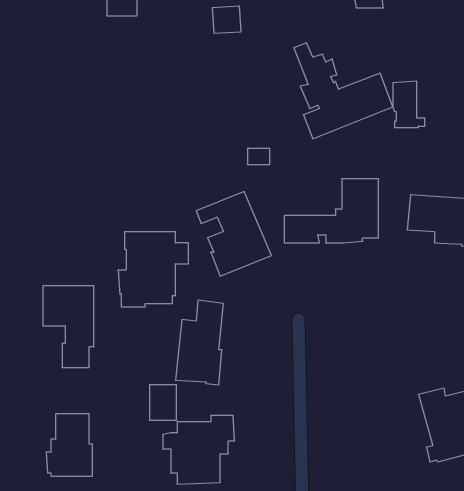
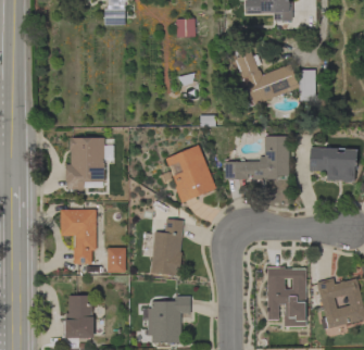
building: [118,232,188,307] -> [65,138,113,189]
building: none -> [267,266,306,327]
building: [149,385,177,420] -> [108,248,126,272]

